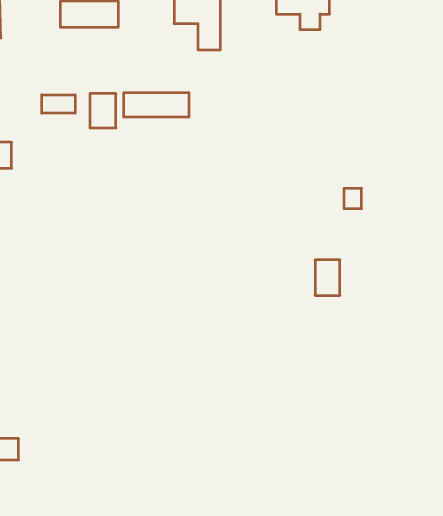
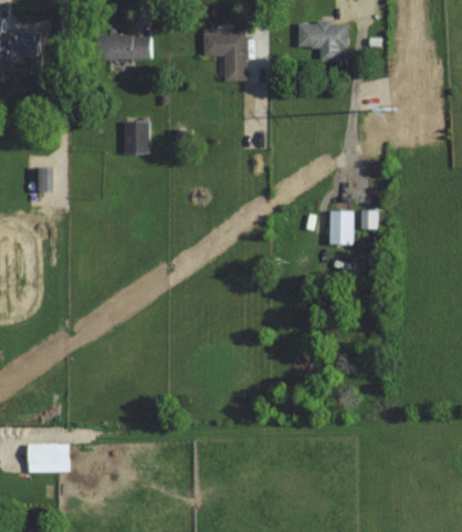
building: [124,93,189,117] -> none
building: [42,95,75,113] -> none
building: [315,260,340,295] -> [330,211,354,244]

